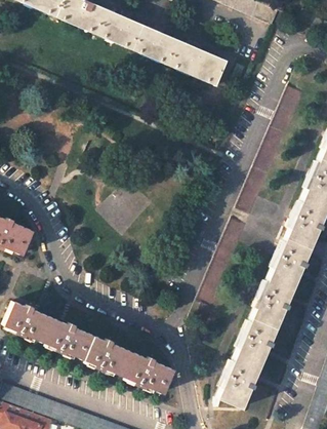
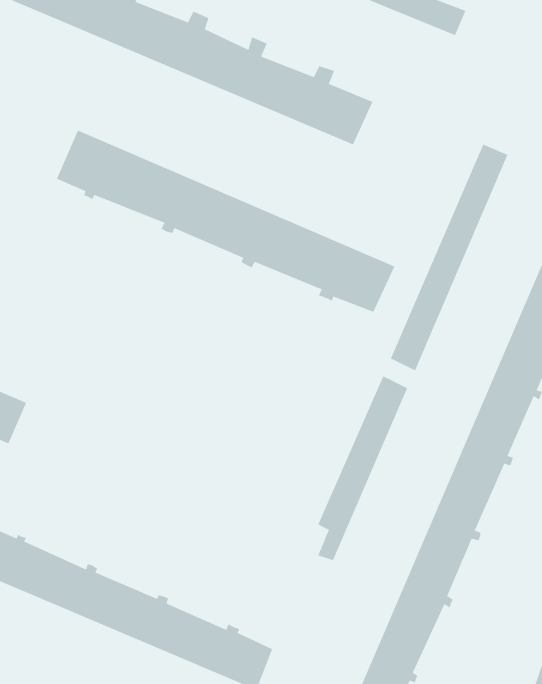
building: none -> [56,130,395,313]

